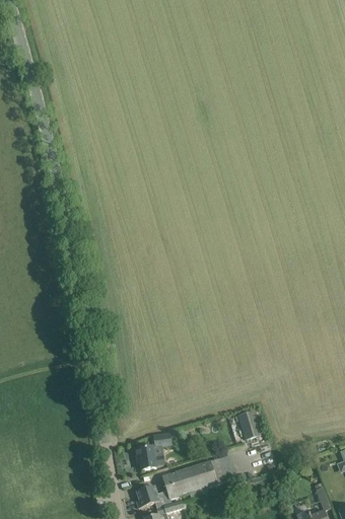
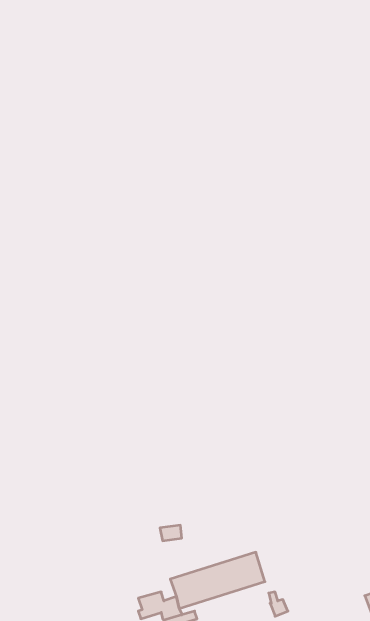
building: [237,410,260,438] -> none
building: [134,445,162,468] -> none

